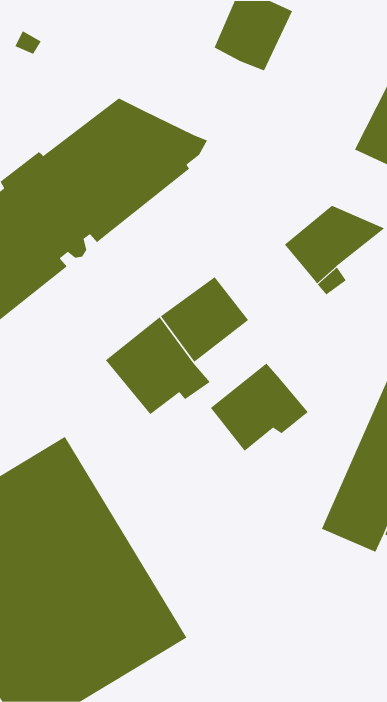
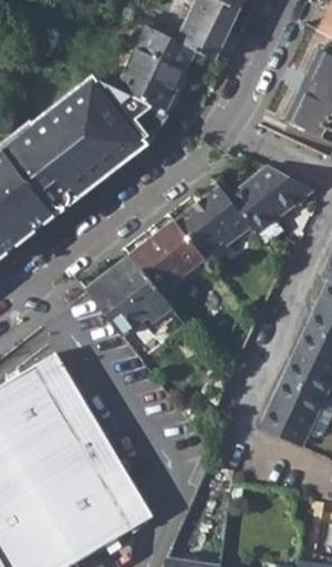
building: none -> [117,25,195,113]
building: [210,363,309,452] -> [175,186,255,258]

